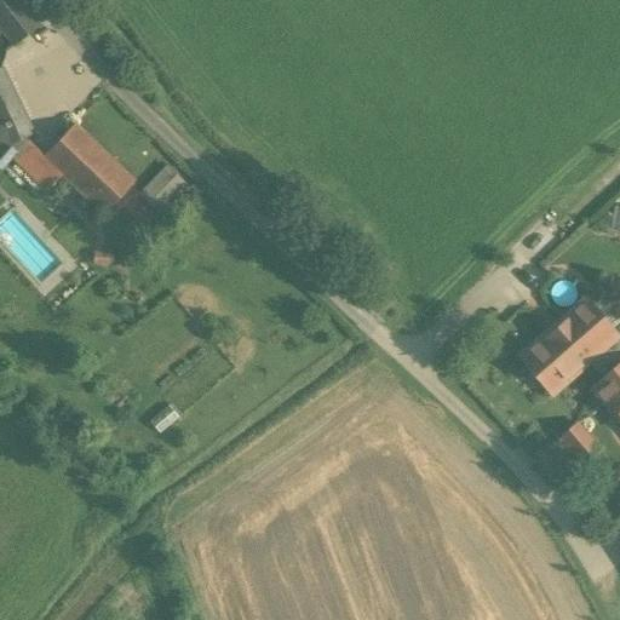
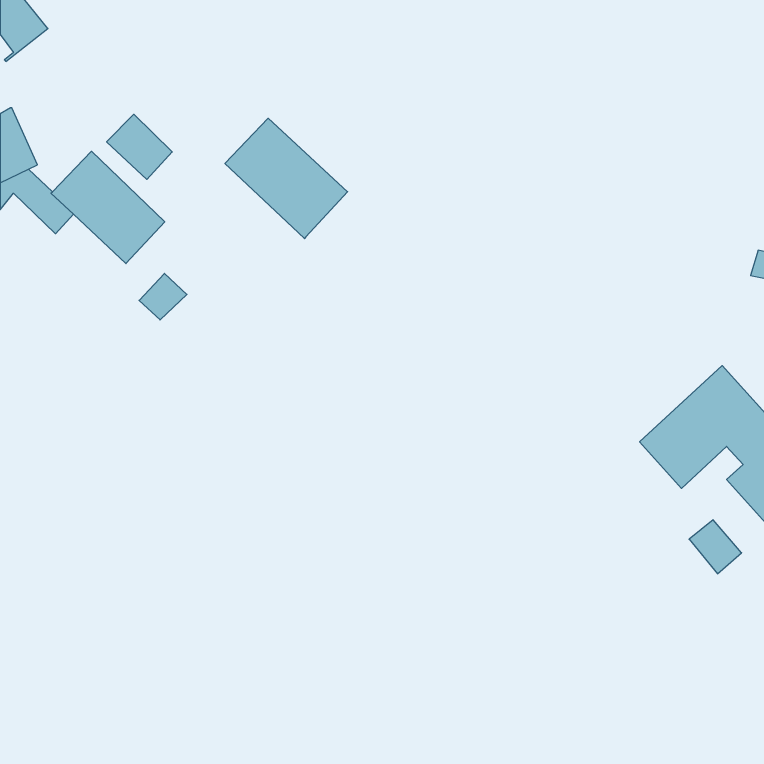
building: none -> [107,114,172,179]
building: none -> [225,118,348,239]
building: [147,165,185,202] -> [139,273,187,320]

